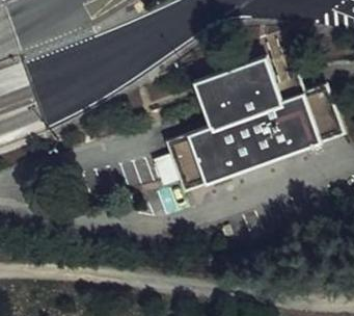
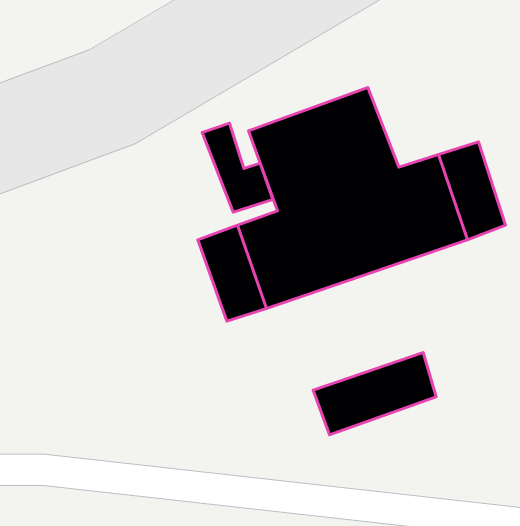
building: [246,56,287,107] -> [202,123,273,212]
building: none -> [313,352,436,435]

